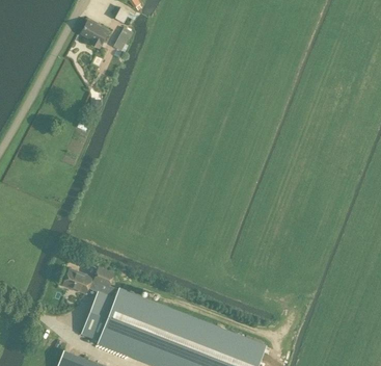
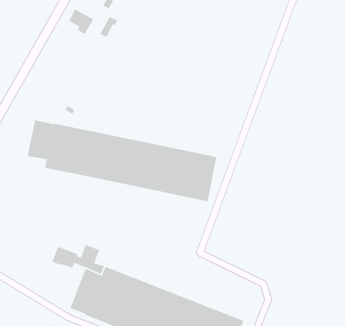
building: none -> [27,120,217,202]

